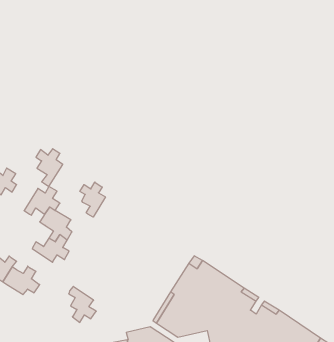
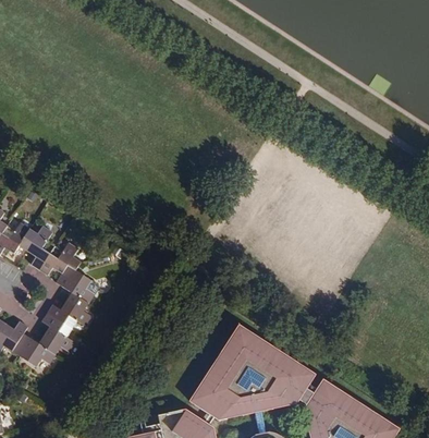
building: [36,149,63,187] -> [22,226,53,270]
building: [80,182,105,217] -> none
building: [69,286,96,322] -> [41,315,74,357]

